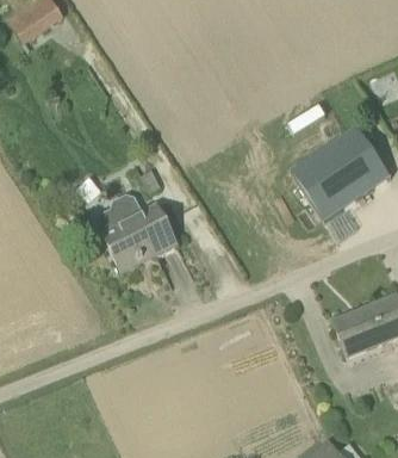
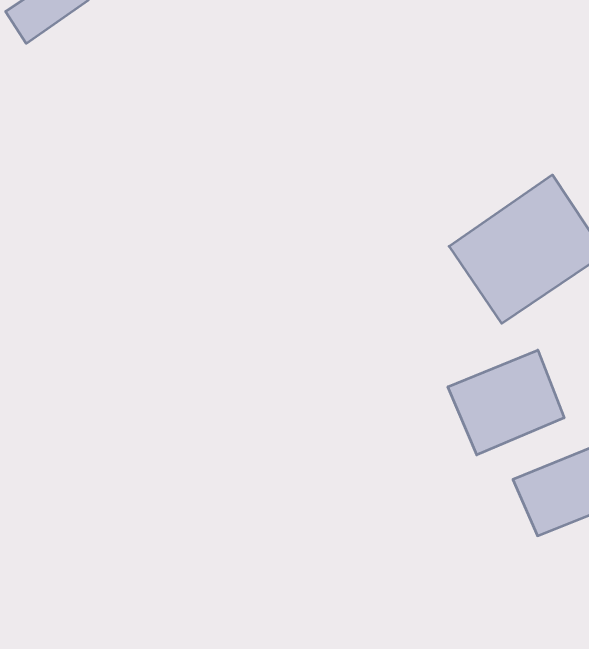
building: [94,193,178,271] -> none
building: none -> [448,350,564,455]

